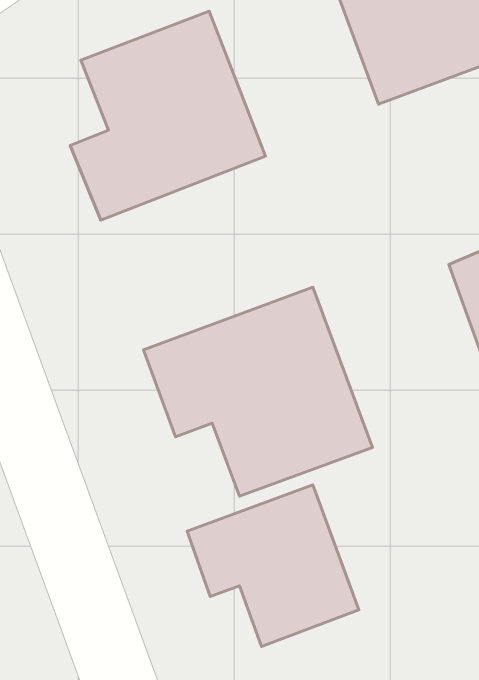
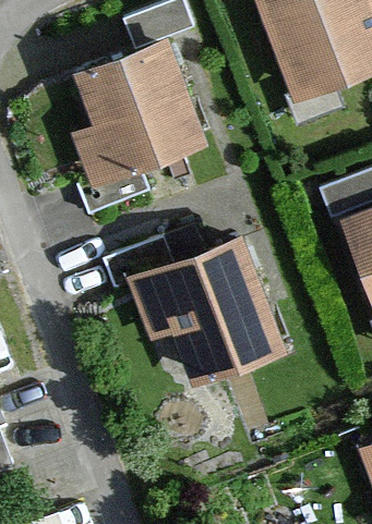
building: [187,485,359,646] -> none

